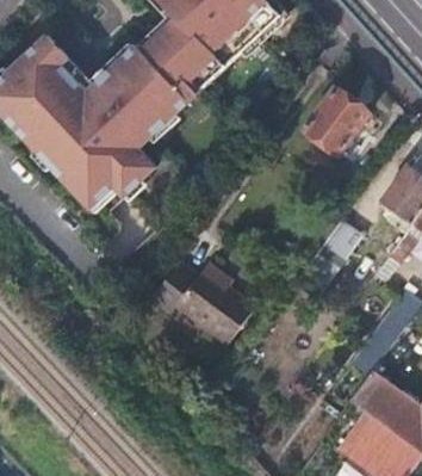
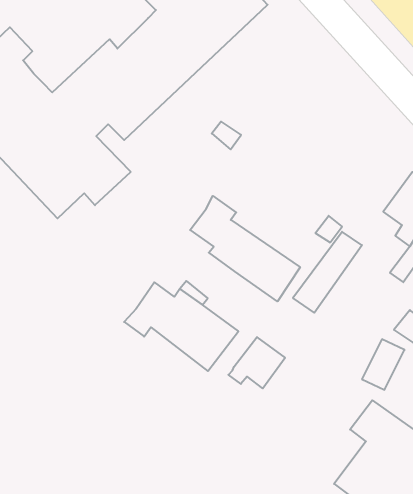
building: [304,87,368,153] -> none
building: none -> [190,196,300,301]
building: none -> [228,337,285,388]

